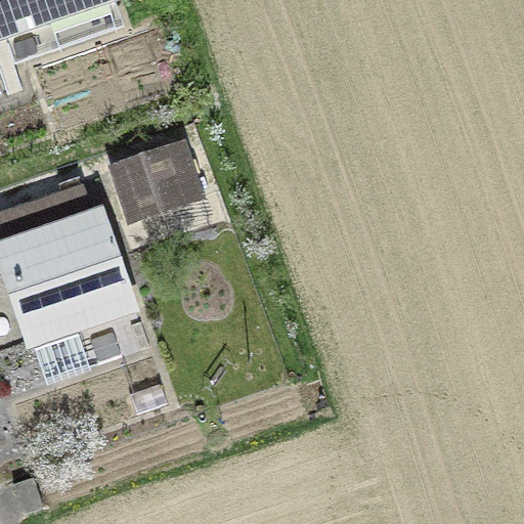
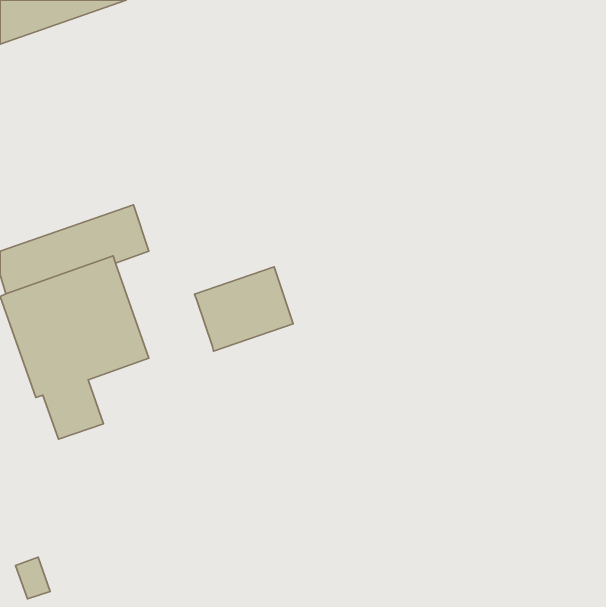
building: [115,148,200,221] -> [194,267,293,351]

